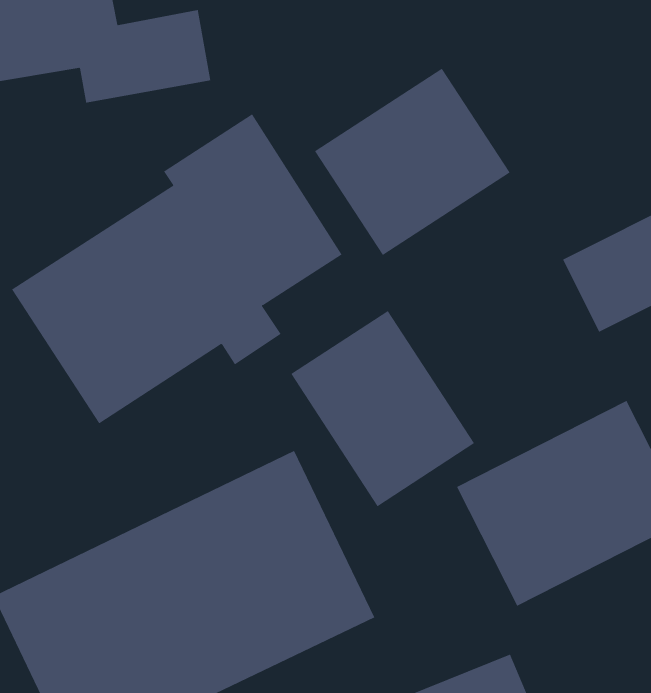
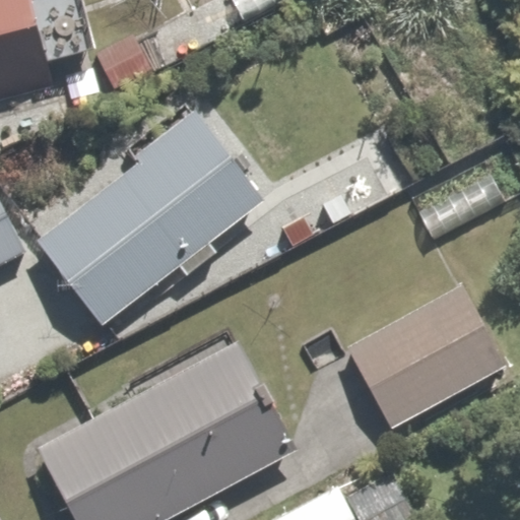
building: [314,68,510,256] -> none
building: [291,310,475,507] -> none

